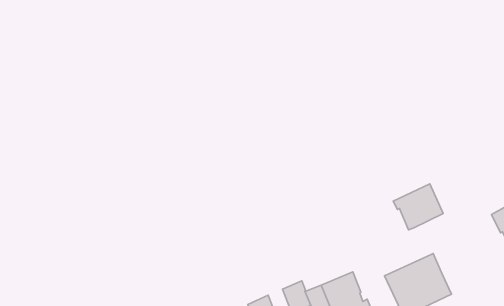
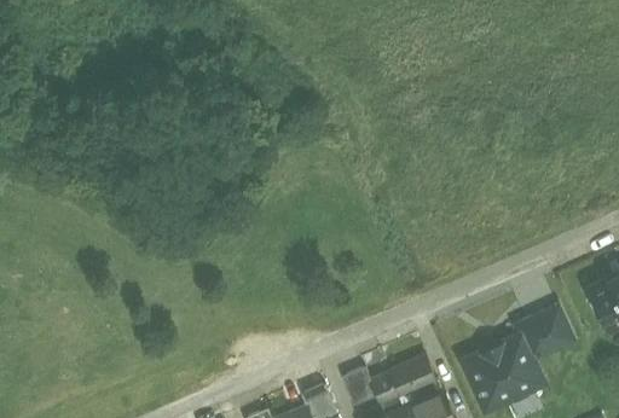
building: [393,184,443,230] -> [513,307,572,361]

